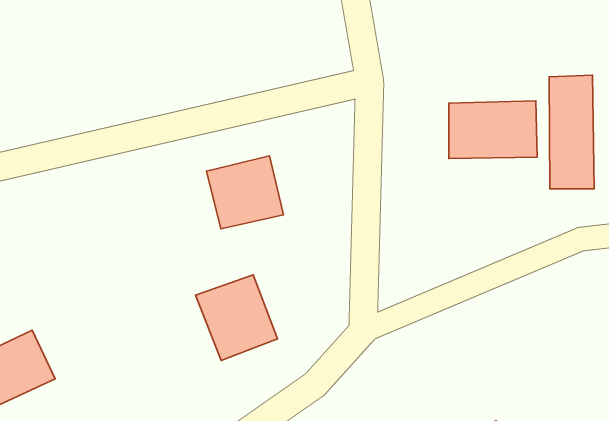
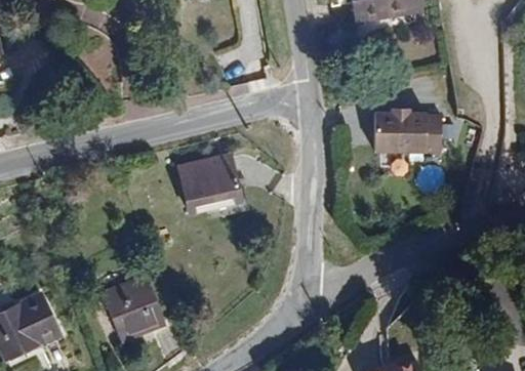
building: [549,75,594,189] -> none
building: [196,275,278,361] -> [102,273,167,341]

